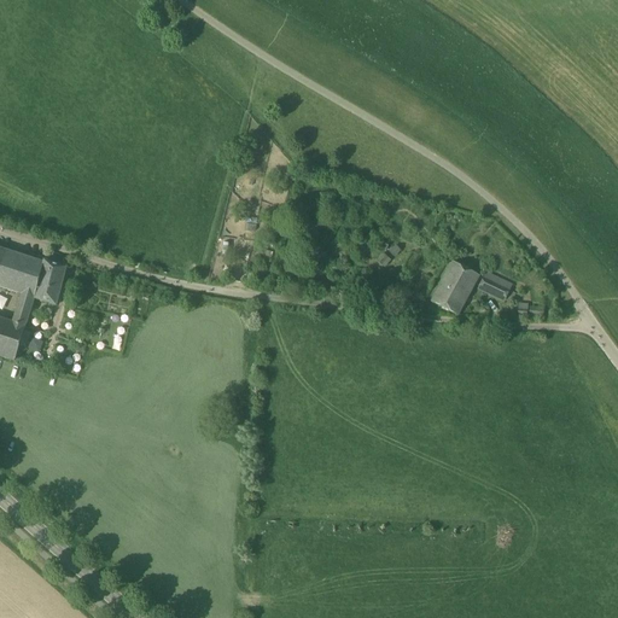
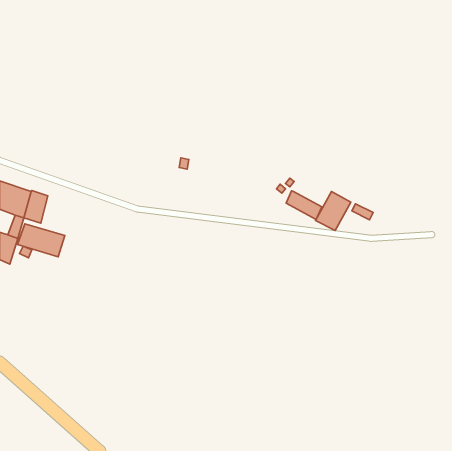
building: none -> [286,191,322,220]
building: none -> [17,224,65,257]

